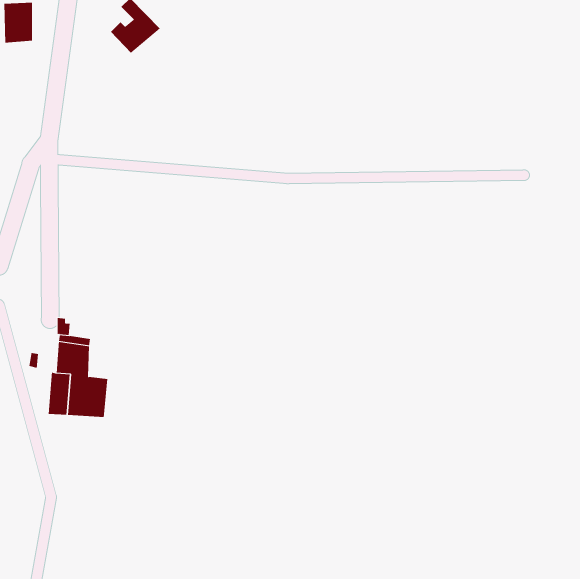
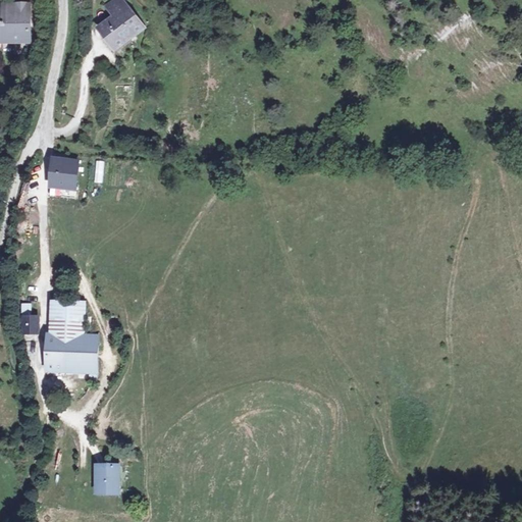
building: none -> [47,157,80,197]
building: none -> [93,463,119,492]

